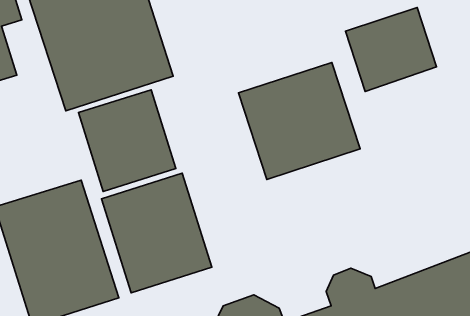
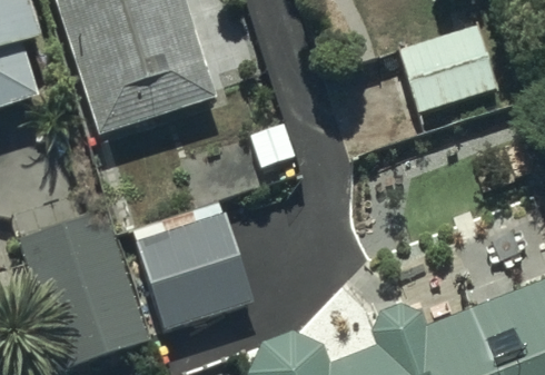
building: [239,62,360,179] -> none
building: [78,90,176,191] -> none

